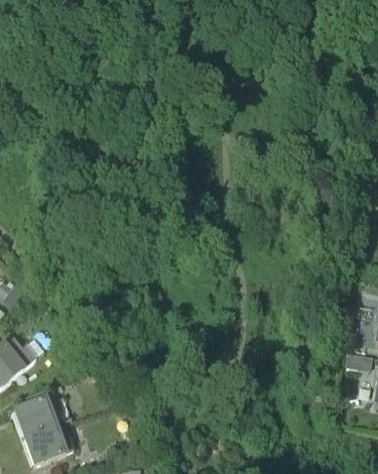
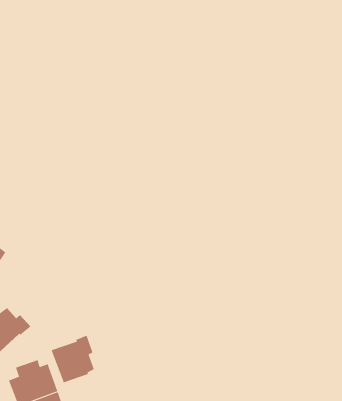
building: none -> [51,335,95,383]

